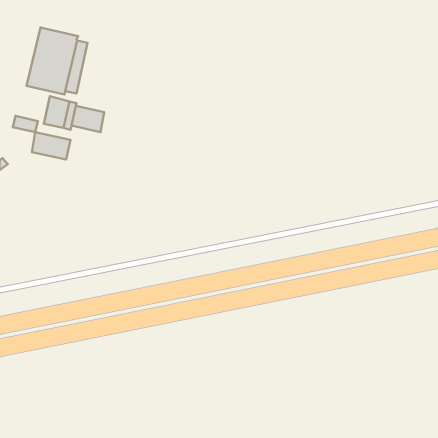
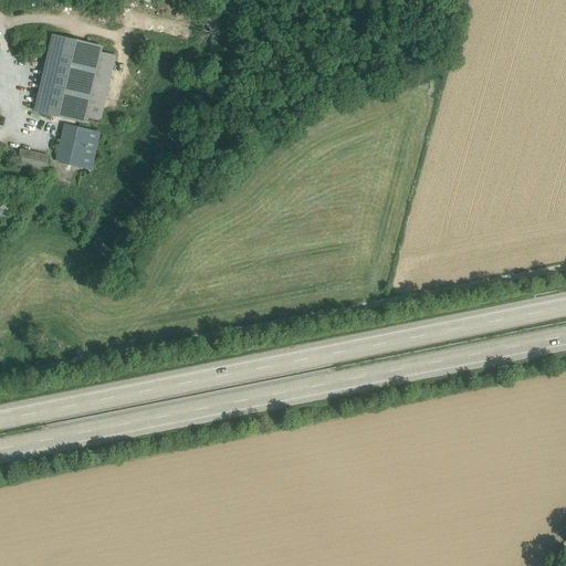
building: [71,106,104,132] -> none
building: [32,132,70,159] -> none

